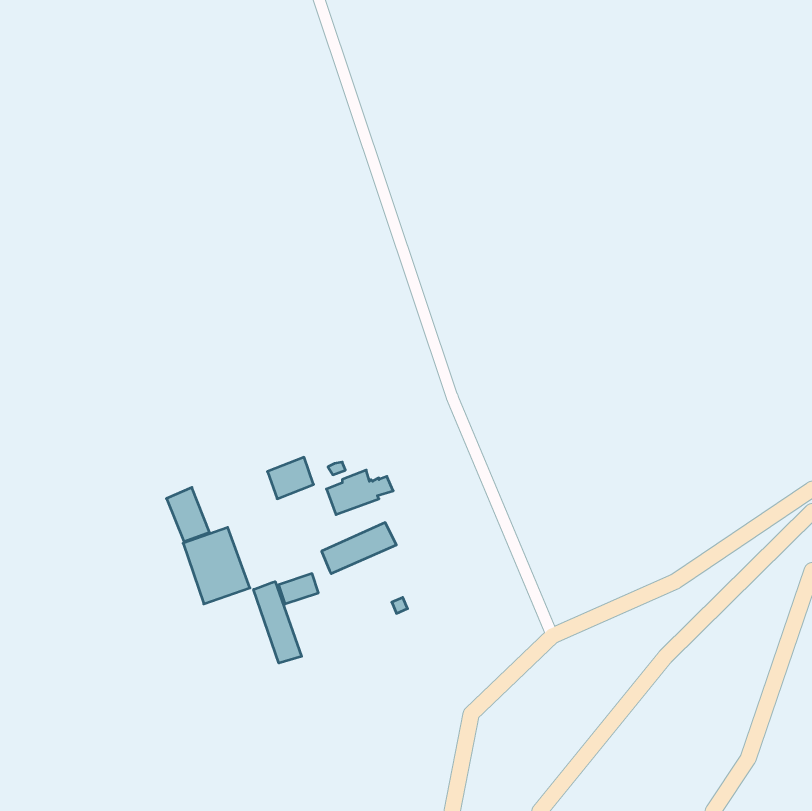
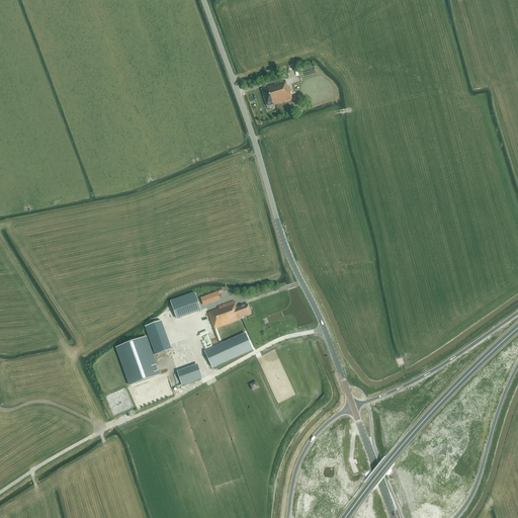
building: none -> [260,79,291,104]
building: [166,487,209,542] -> [144,319,171,353]
building: [254,582,302,663] -> none

